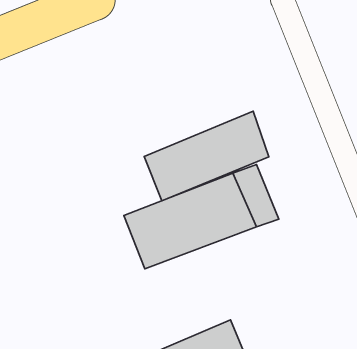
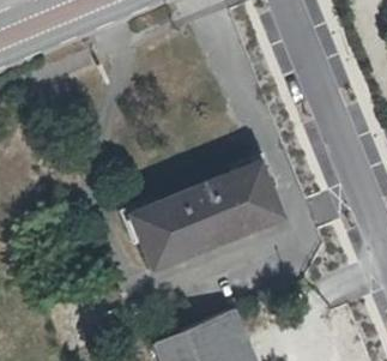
building: [144,111,269,201] -> none

